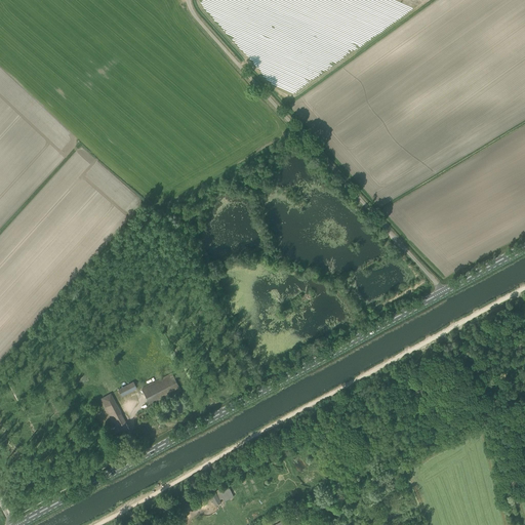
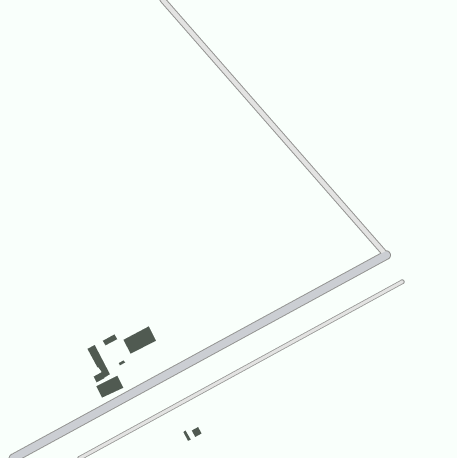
building: none -> [95,374,125,399]

